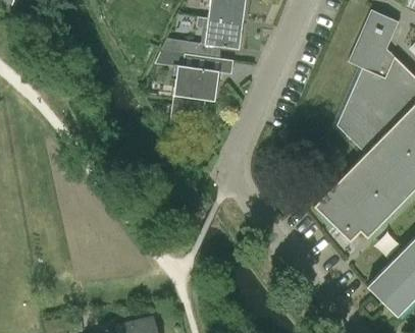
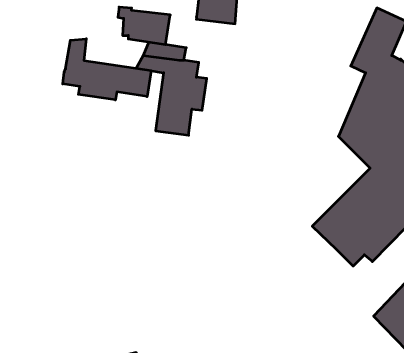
building: [197,16,244,50] -> [118,7,170,45]
building: none -> [63,39,151,100]

